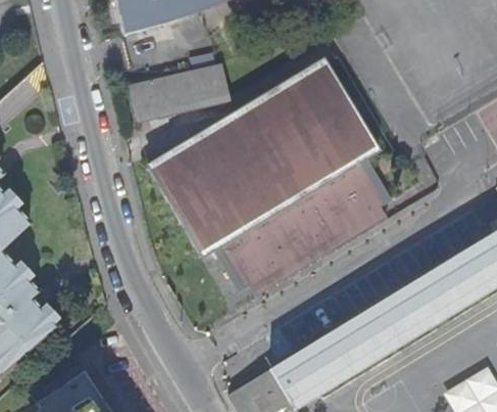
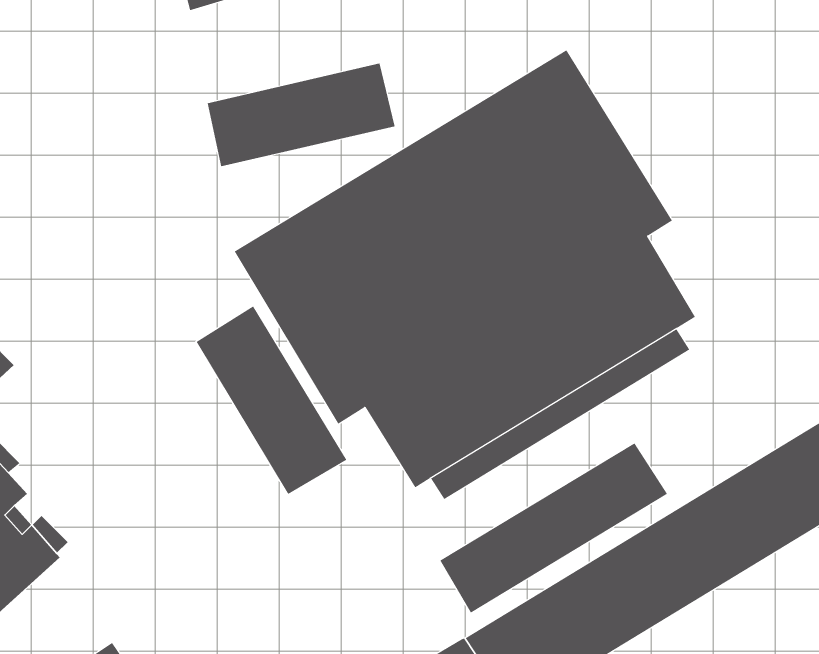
building: none -> [196,305,347,495]
building: none -> [440,442,668,614]

